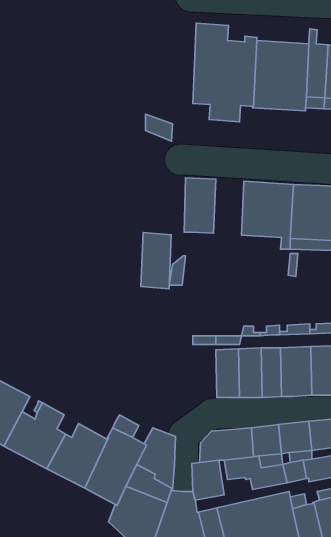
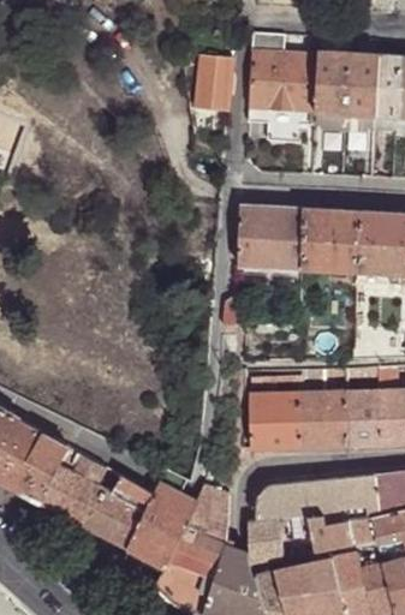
building: none -> [197,54,234,109]
building: [141,233,171,289] -> [273,205,306,268]
building: none -> [250,395,276,449]

